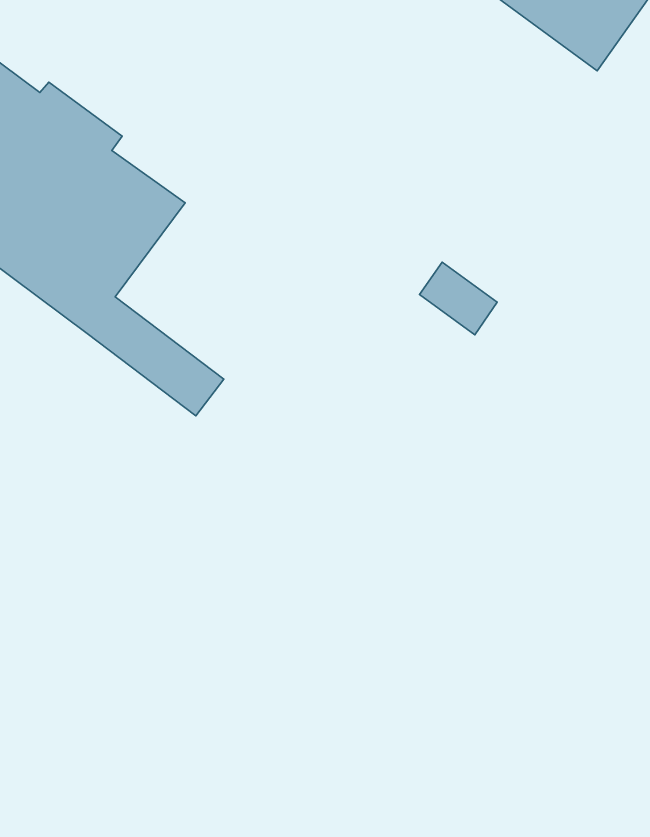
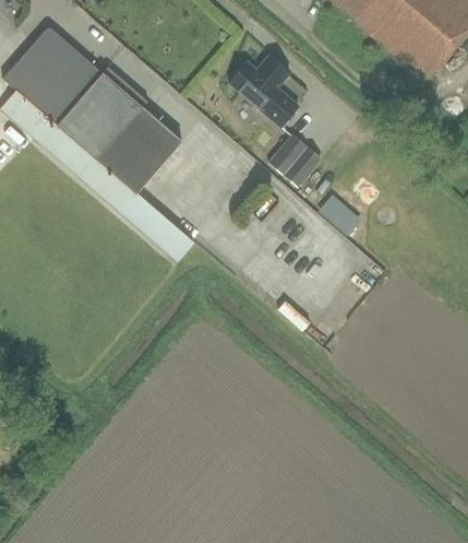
building: none -> [228,54,300,128]
building: none -> [267,127,311,187]

